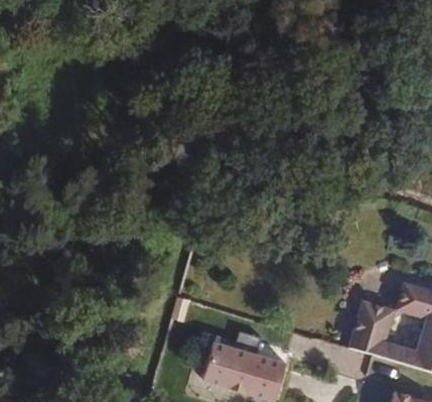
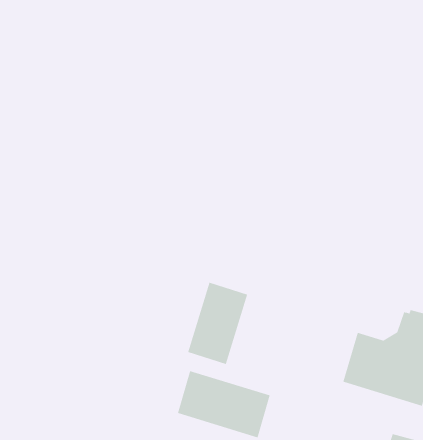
building: none -> [188,282,248,365]

